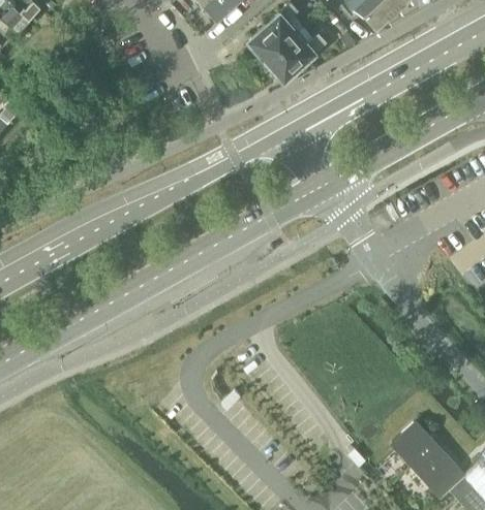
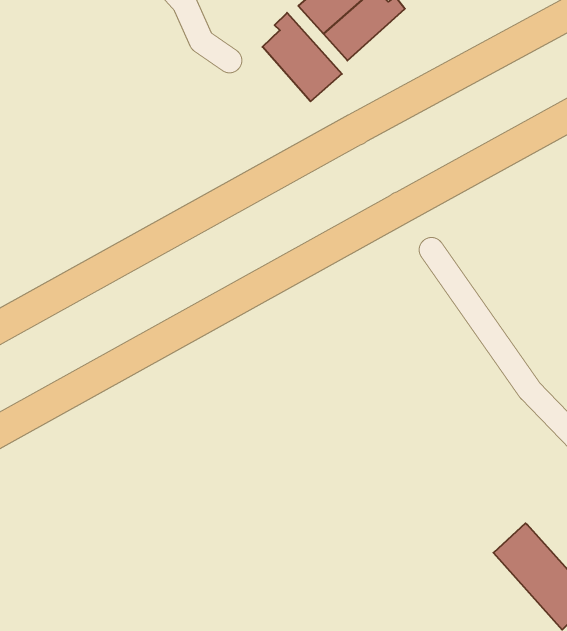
building: none -> [262,13,342,101]

